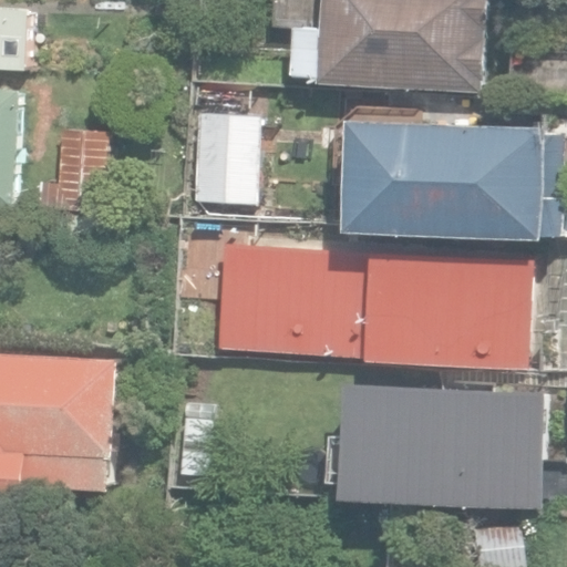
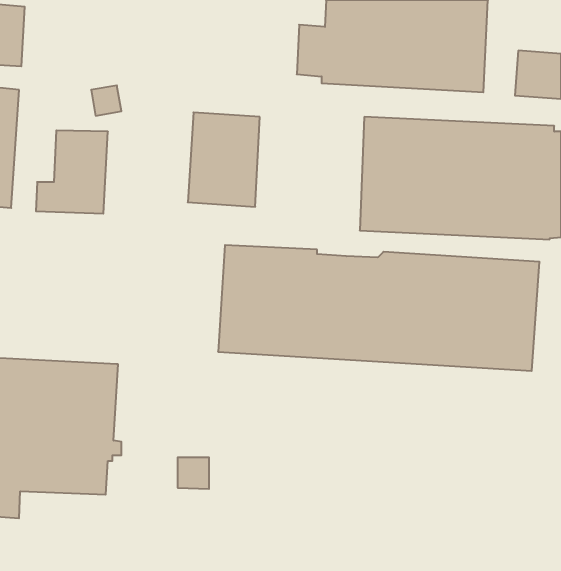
building: [343,382,543,509] -> none

